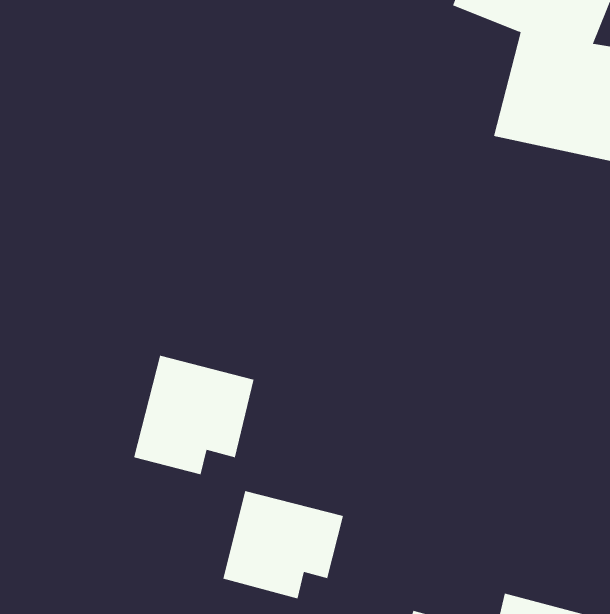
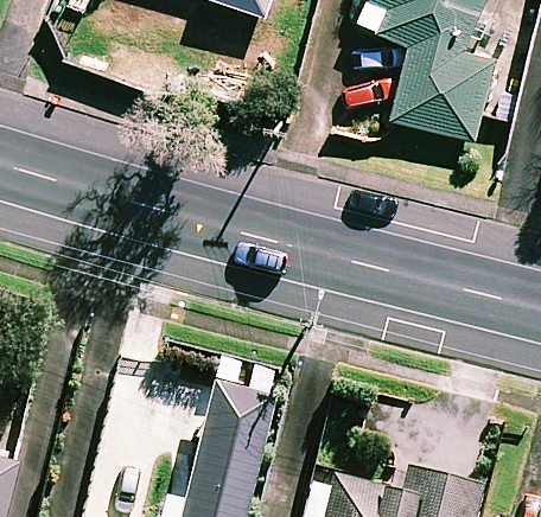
building: [134,355,254,475] -> none

